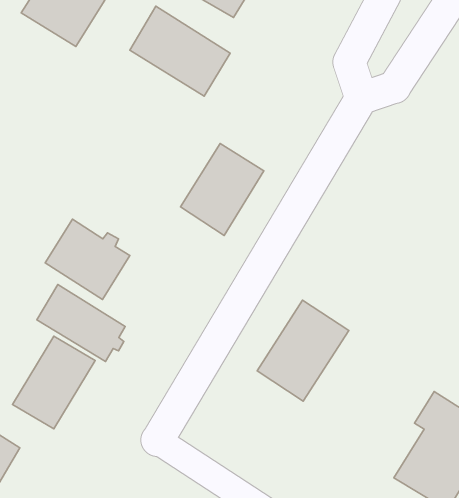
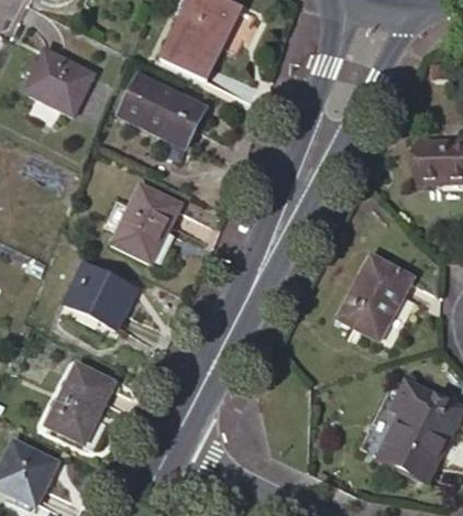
building: [181,143,264,235] -> [112,184,180,262]
building: [37,284,125,362] -> none
building: [257,300,349,401] -> [338,254,412,340]

